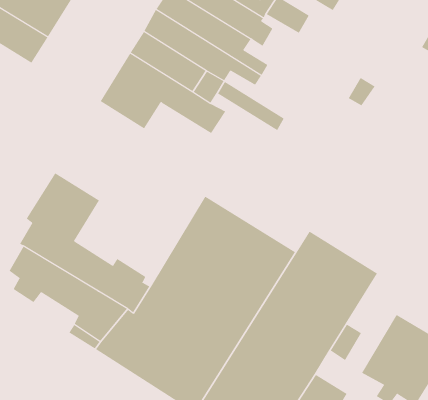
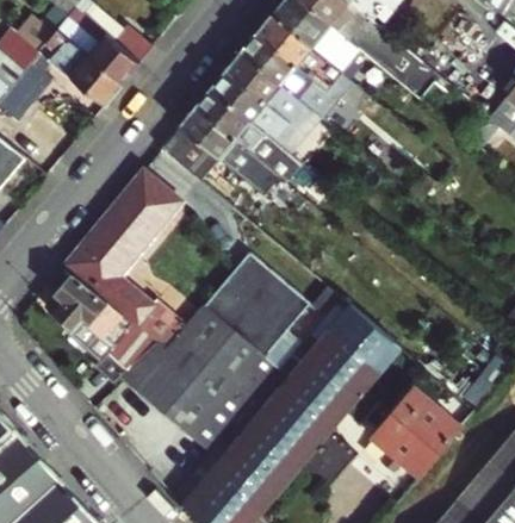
building: none -> [111,170,181,242]

